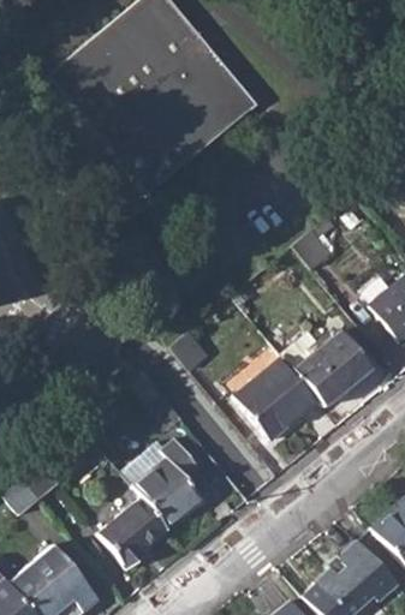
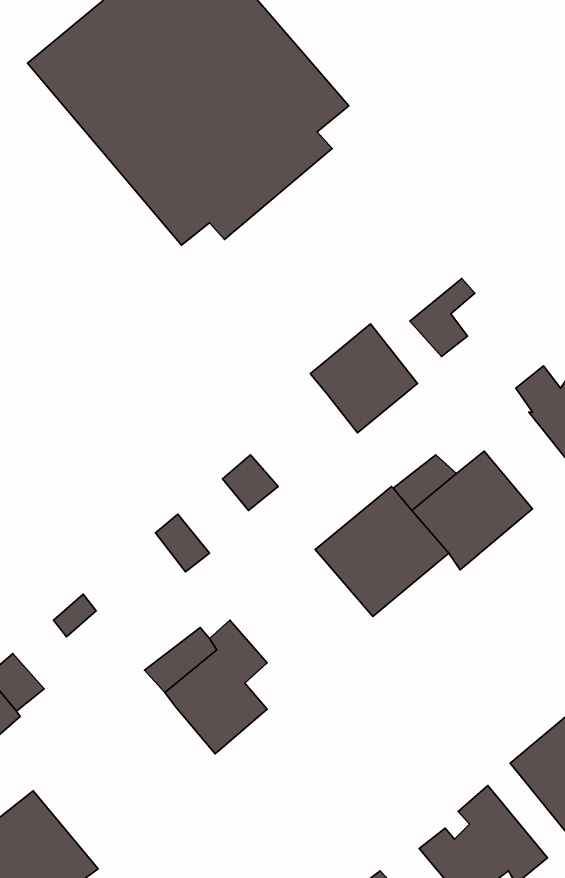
building: none -> [310,324,418,433]
building: [105,491,175,566] -> none

